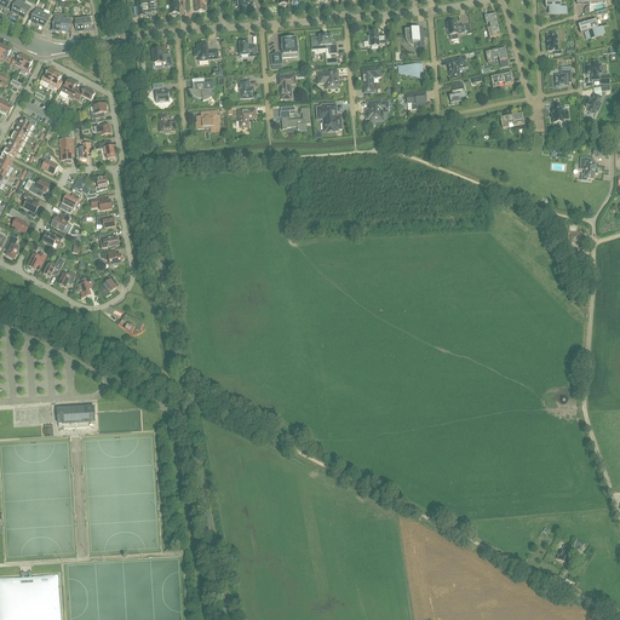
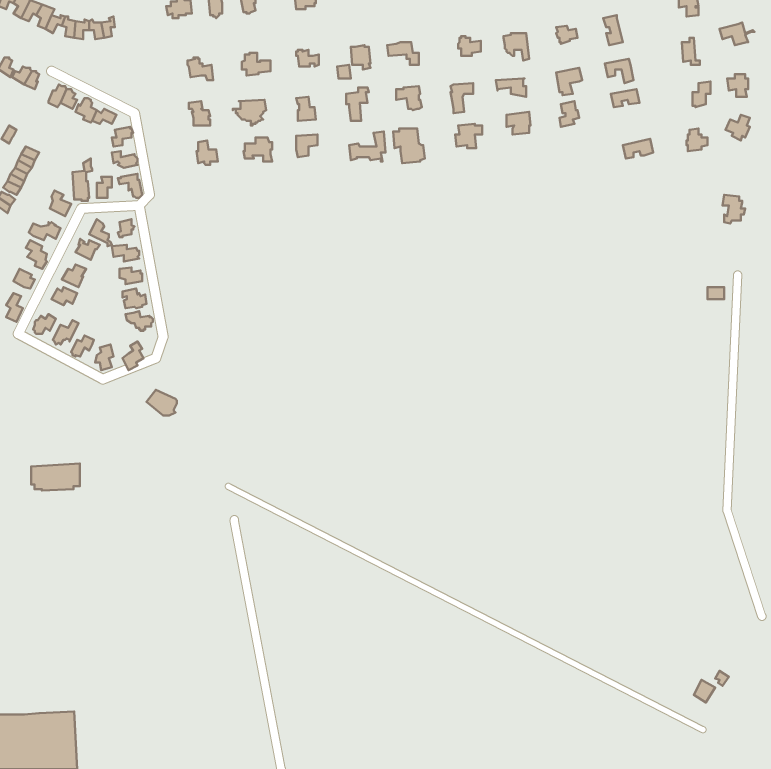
building: [54,404,93,426] -> [31,463,80,491]

